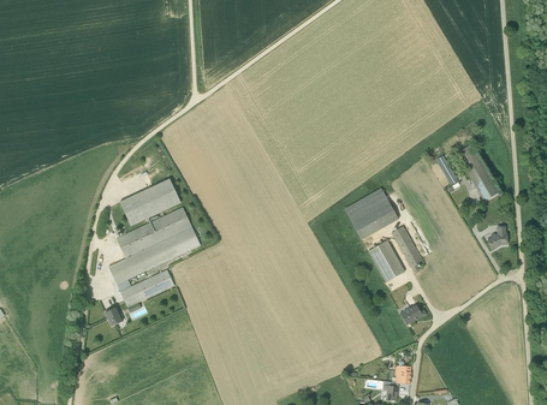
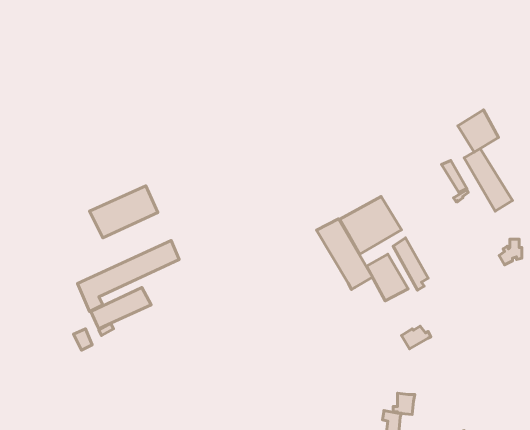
building: none -> [458,110,499,152]
building: [115,207,192,258] -> none
building: none -> [316,219,372,289]

